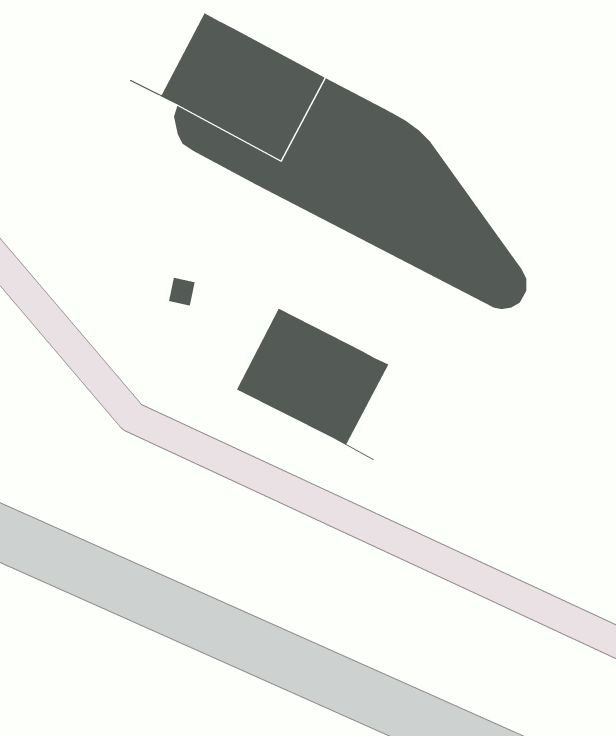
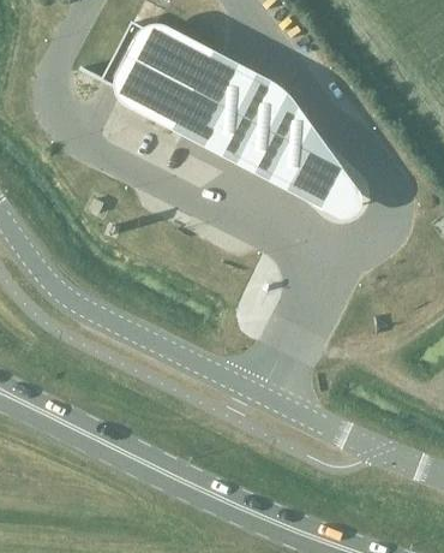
building: [236,308,389,461] -> none

